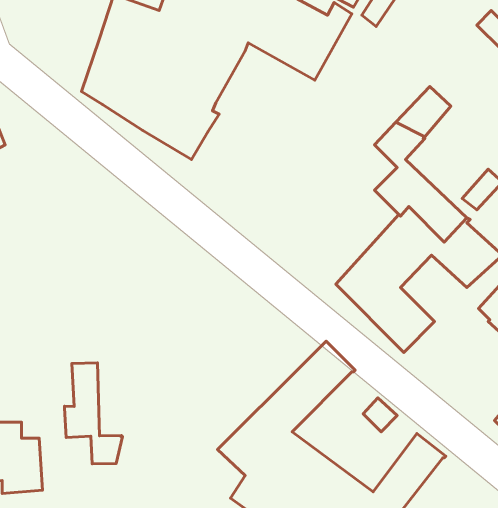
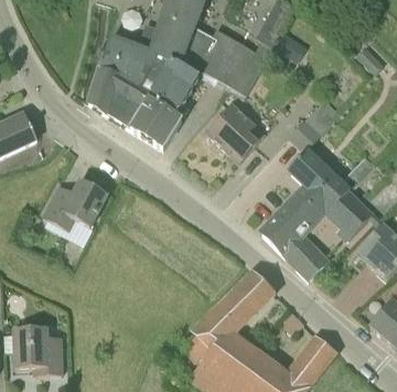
building: none -> [205,103,264,161]
building: none -> [42,178,106,231]
building: [64,363,123,464] -> none

